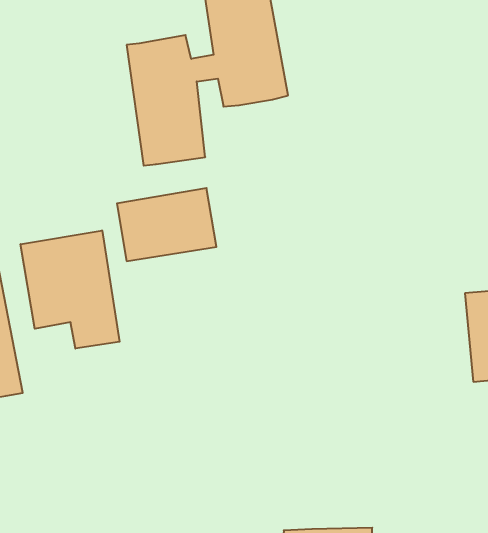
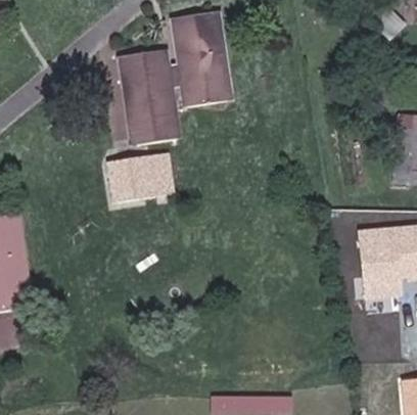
building: [21,230,120,349] -> none

